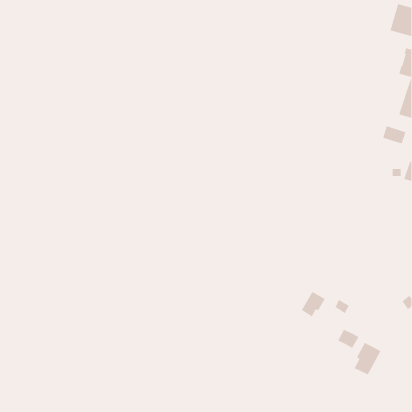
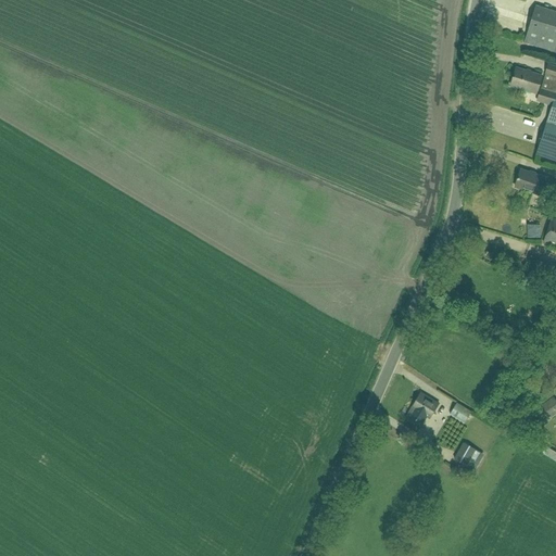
building: none -> [510,66,541,92]
building: [354,342,381,375] -> none

